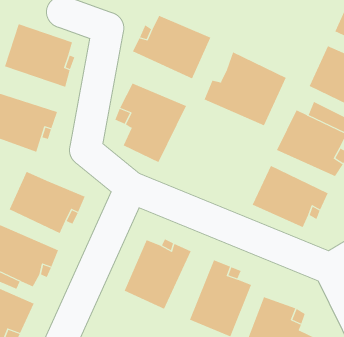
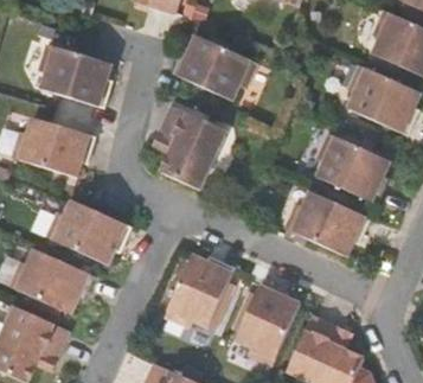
building: [204,52,286,126] -> none

